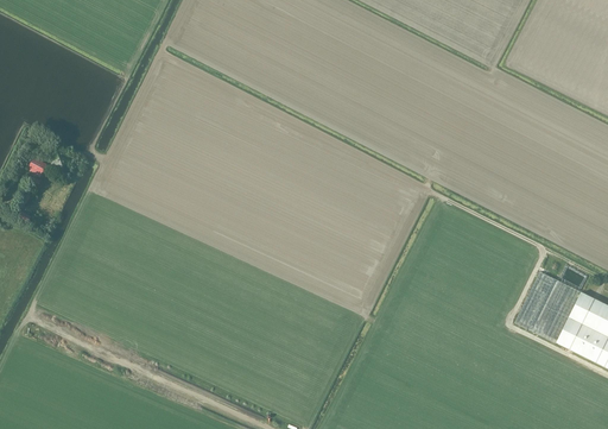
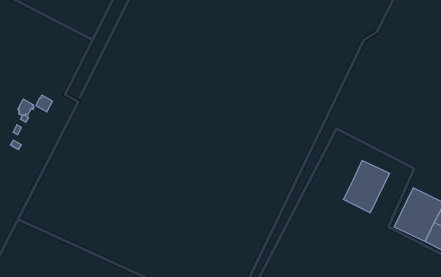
building: none -> [343,160,389,213]

